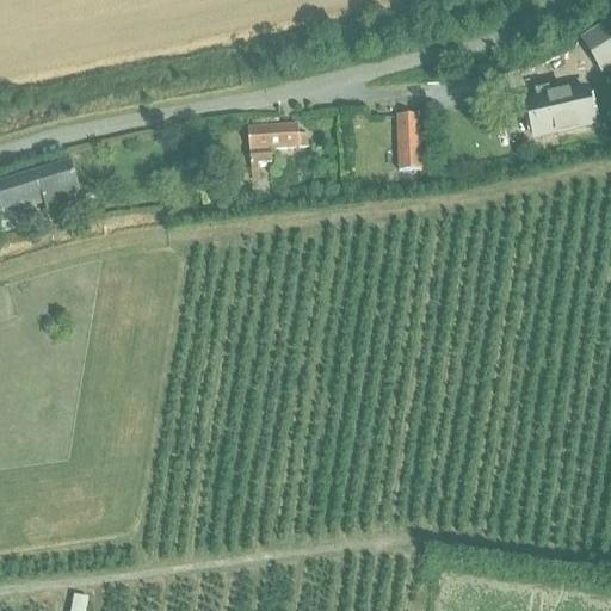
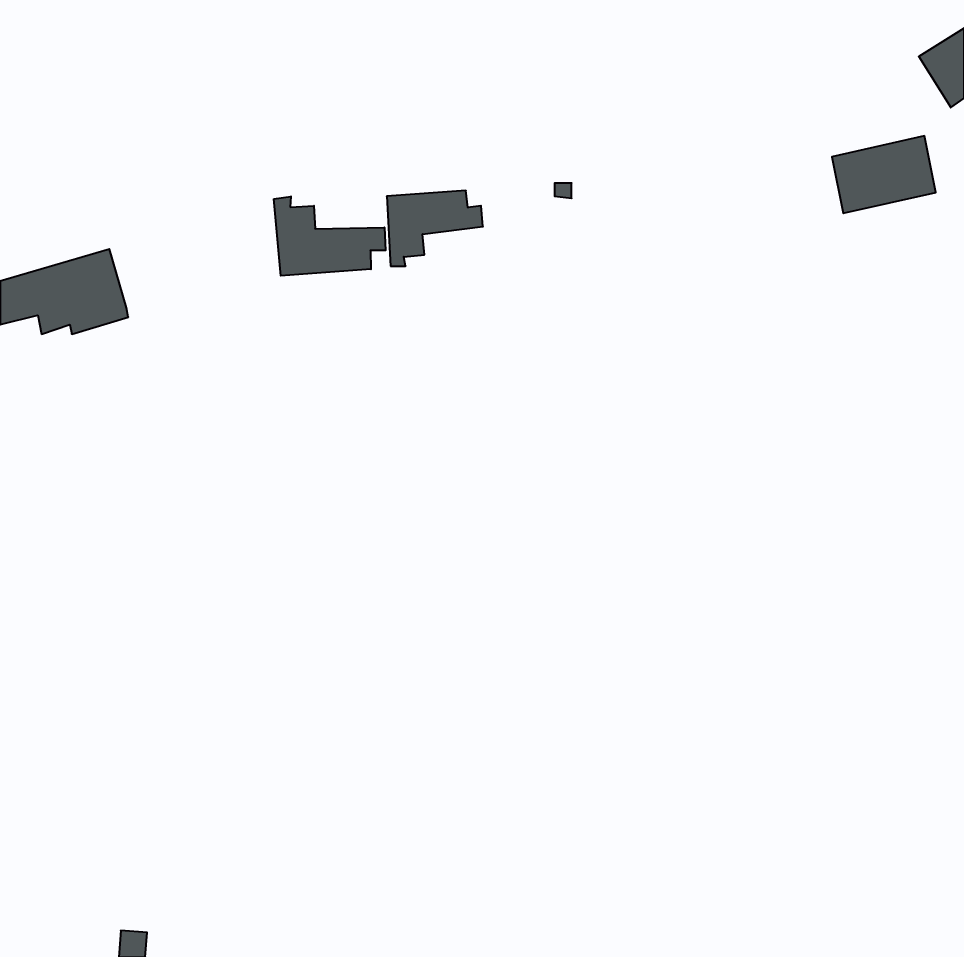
building: [395,111,428,168] -> none
building: none -> [274,196,386,276]

